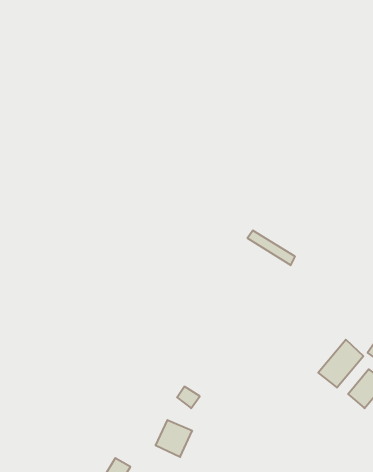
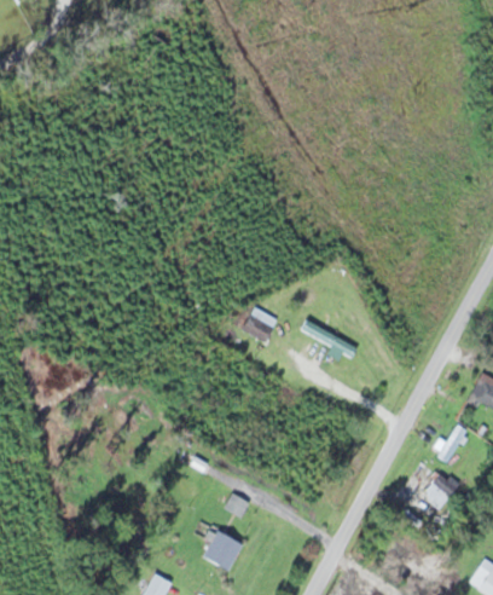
building: none -> [232,306,278,343]
building: [318,340,363,388] -> none

